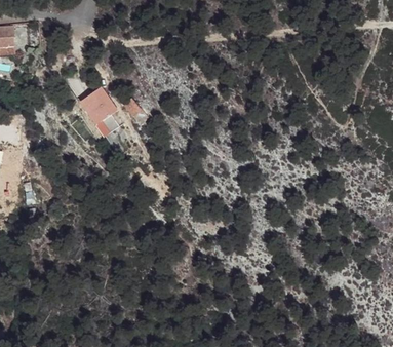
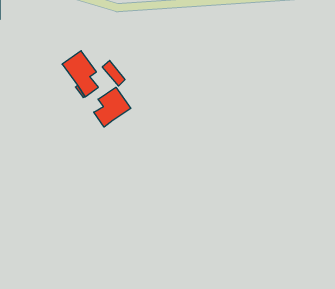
building: none -> [94,87,131,127]

